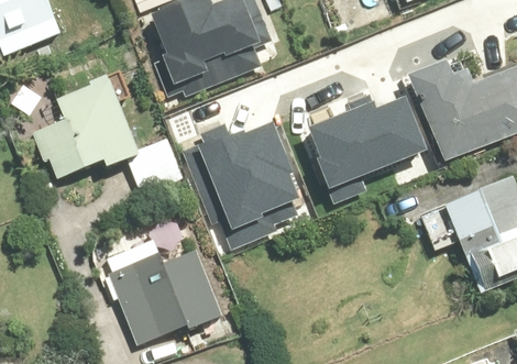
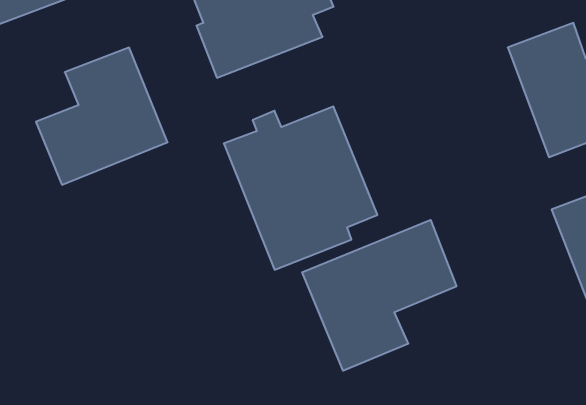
building: [303,93,422,195] -> none
building: none -> [302,220,456,371]
building: [107,249,222,346] -> none

